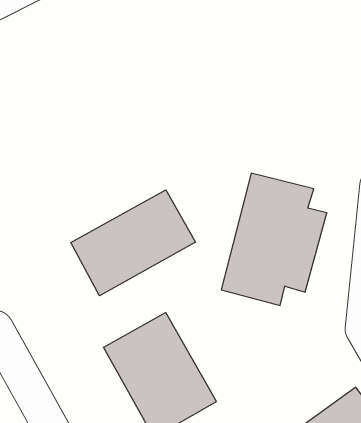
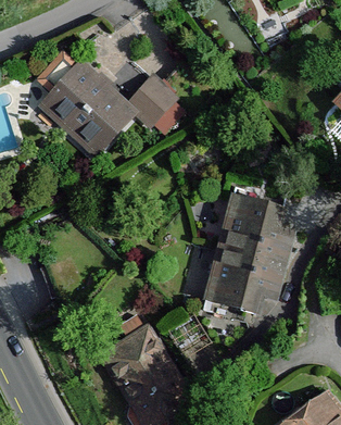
building: none -> [39,58,178,157]
building: [71,190,195,296] -> none

